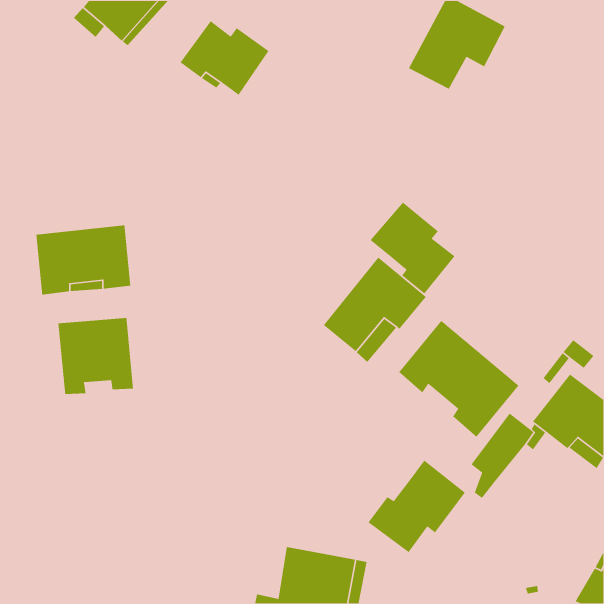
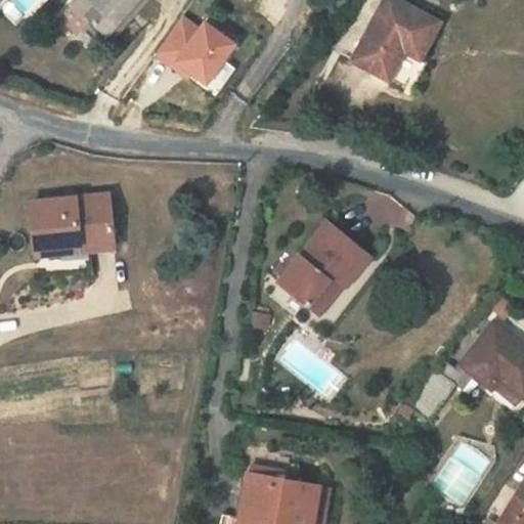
building: [370,202,456,295] -> none
building: [58,317,134,395] -> none
building: [398,320,520,438] -> none
building: [368,459,466,553] -> none

